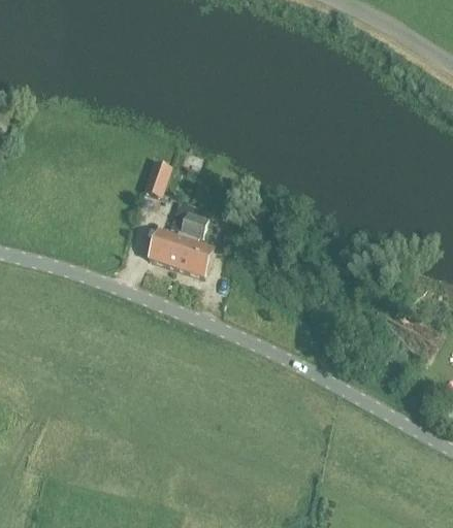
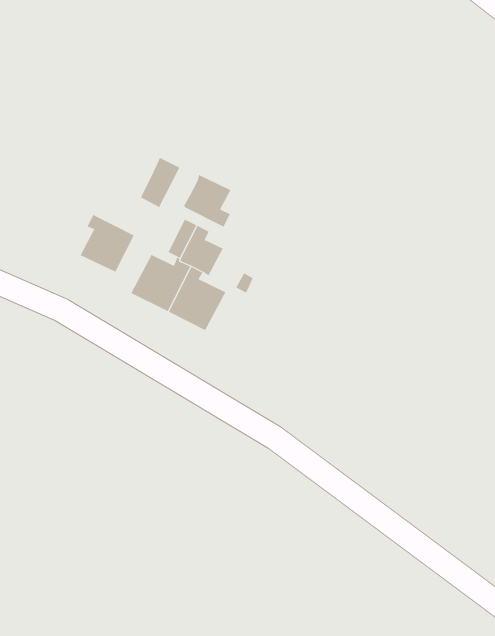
building: none -> [183,174,231,227]
building: none -> [80,214,134,272]

